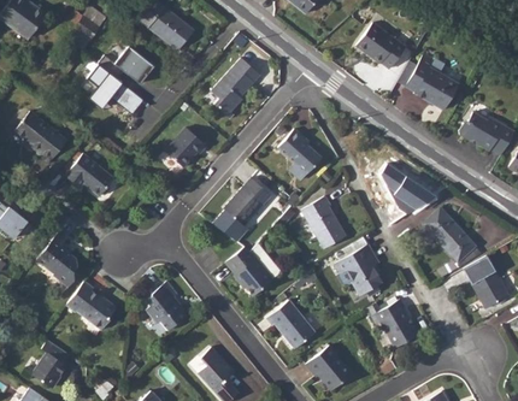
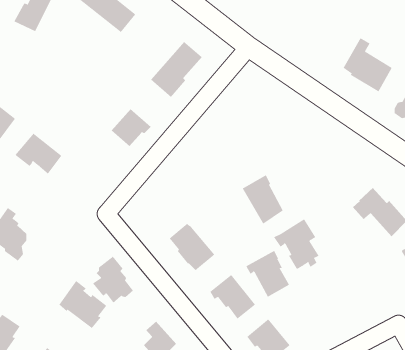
building: [358,24,406,69] -> none
building: [87,45,151,113] -> none
building: [278,128,323,178] -> none
building: [383,165,437,211] -> none
building: [212,177,272,241] -> none
building: [67,279,118,330] -> [59,280,107,329]
building: [372,299,418,348] -> [246,250,290,298]

